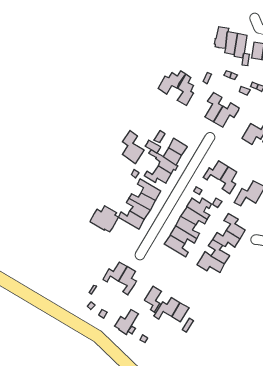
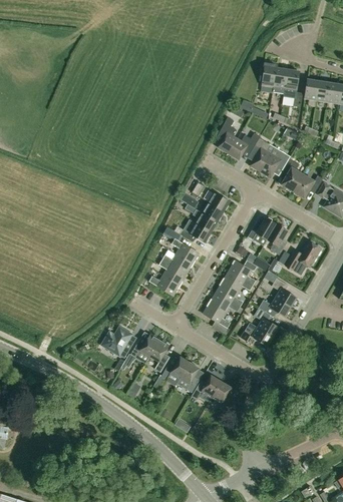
building: [158,71,186,94] -> [229,132,261,159]
building: none -> [281,158,303,190]
building: [122,130,144,164] -> none
building: [90,206,118,232] -> [102,327,135,357]
building: [114,310,139,335] -> [161,357,190,386]

